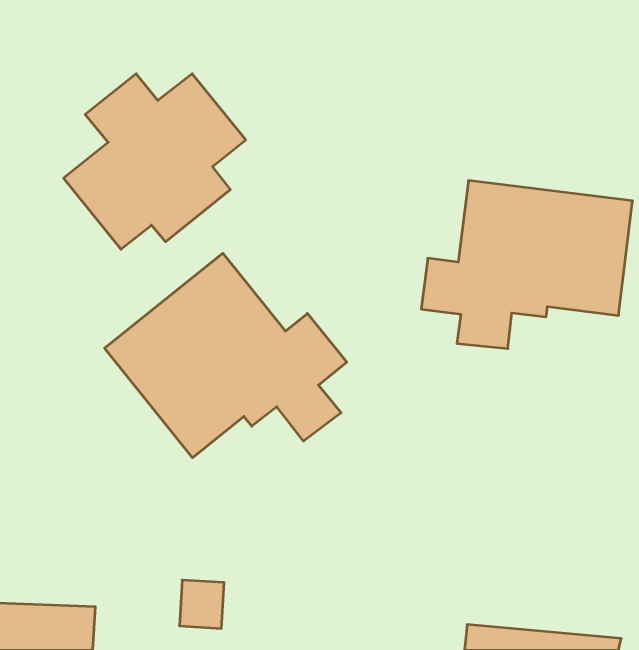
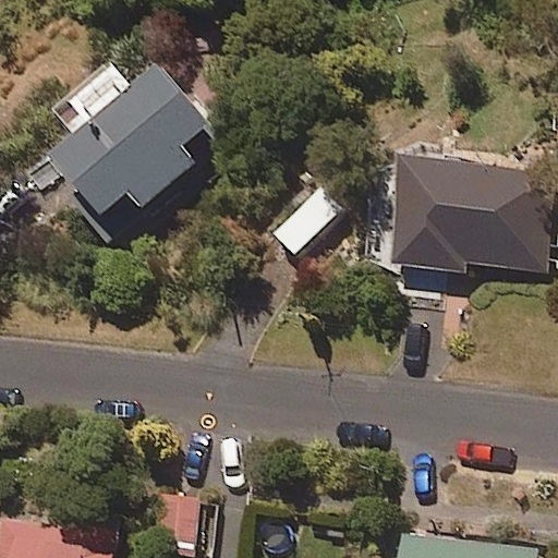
building: [105,253,347,458] -> none

